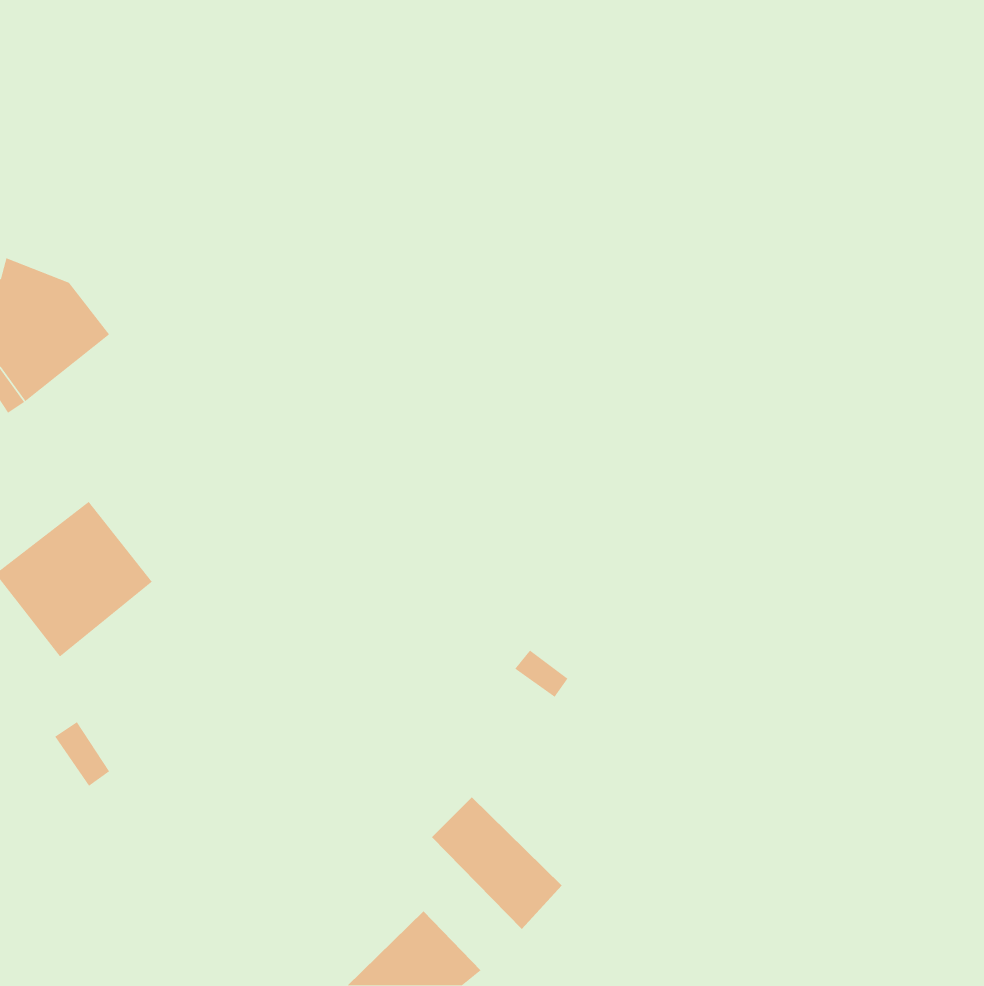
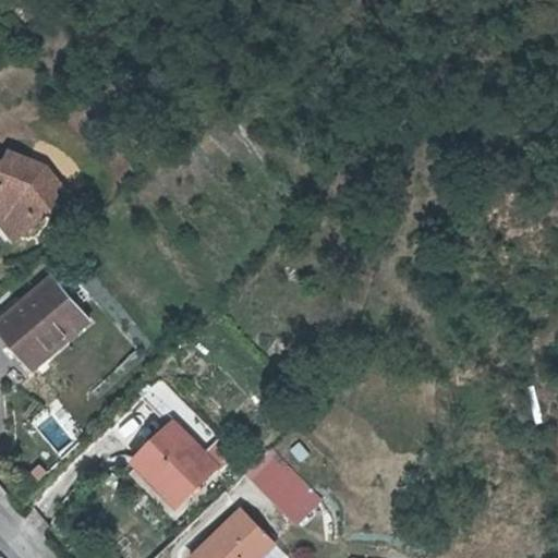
building: none -> [134,426,213,500]

